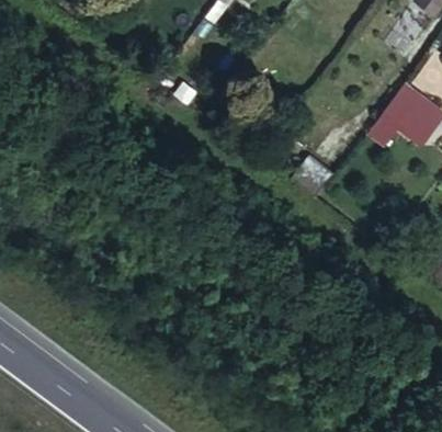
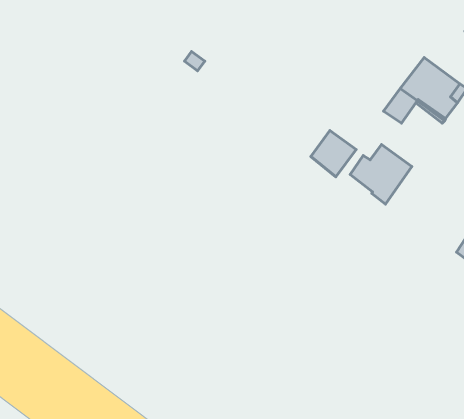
building: none -> [350,144,412,204]

